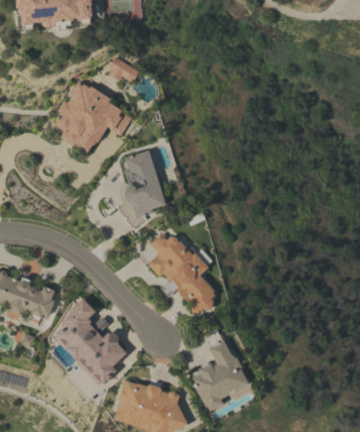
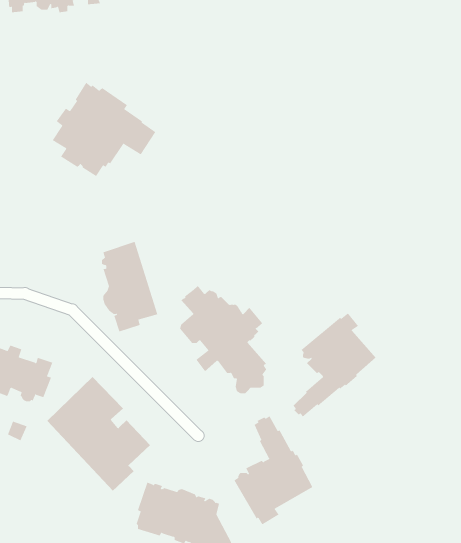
building: [108,56,138,82] -> none
building: [123,149,165,217] -> [101,241,158,332]
building: none -> [293,312,377,418]

